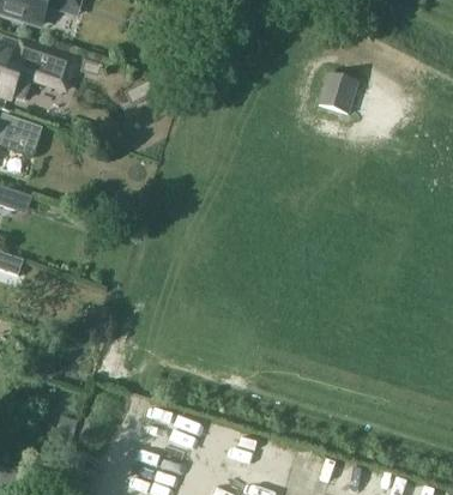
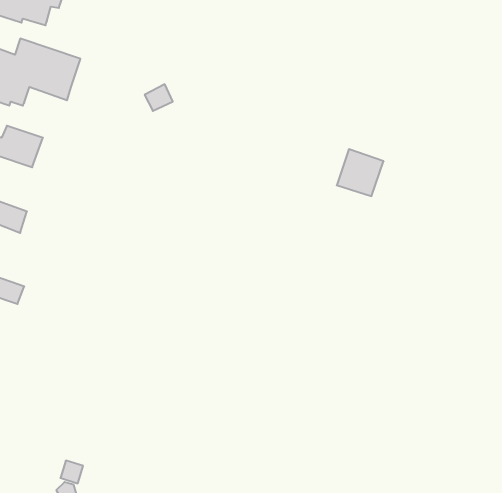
building: [318,73,360,115] -> [337,149,384,196]

